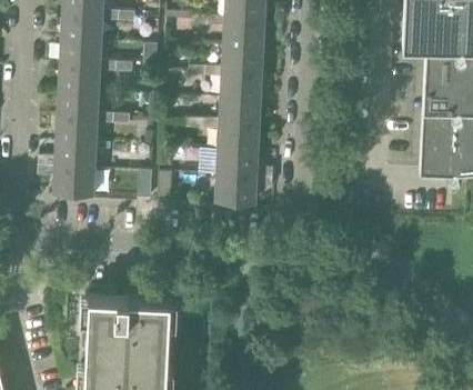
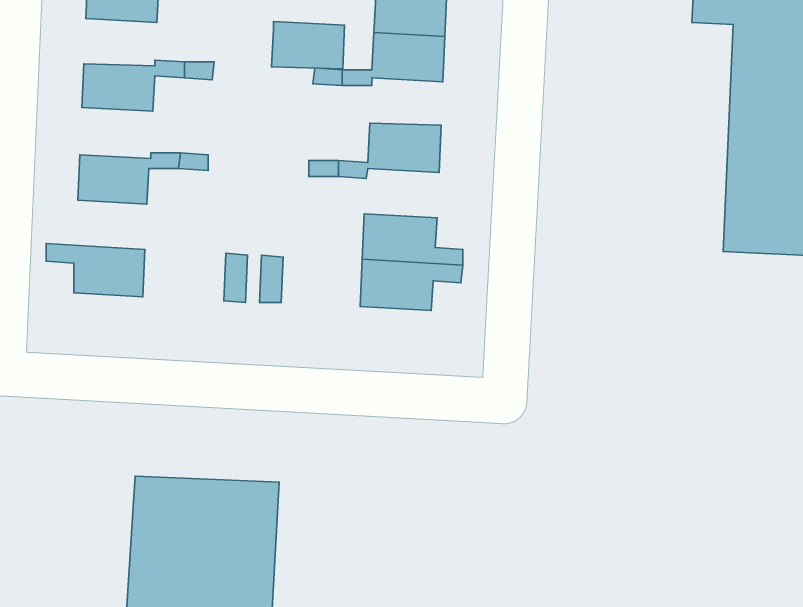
building: [59,40,100,67] -> none
building: [220,73,261,100] -> [272,21,345,69]
building: [57,90,98,119] -> none
building: [217,124,259,152] -> none
building: [38,142,94,170] -> none

